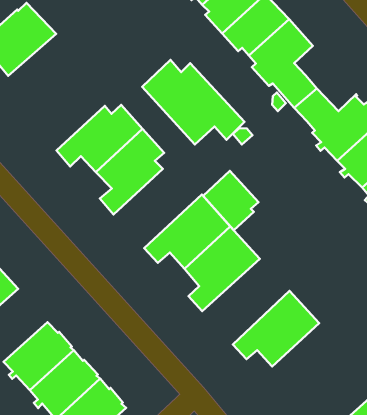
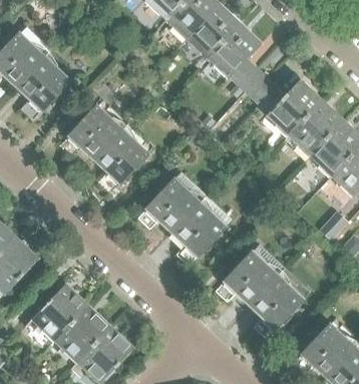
building: none -> [16,51,70,120]
building: [142,60,244,144] -> none
building: [203,171,259,230] -> none
building: none -> [249,268,309,339]

